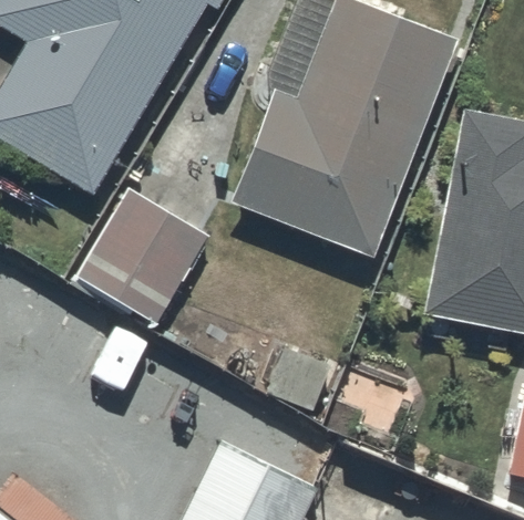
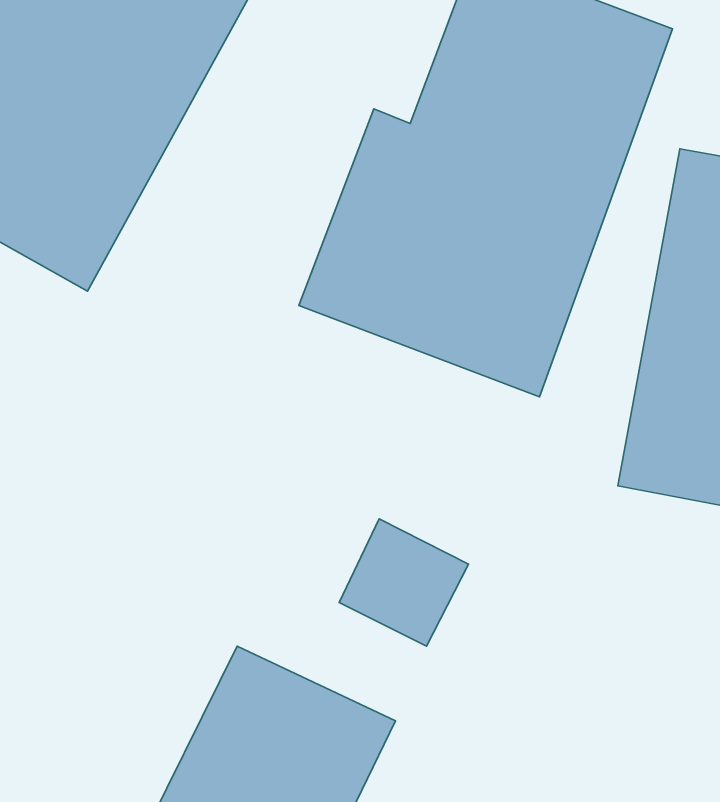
building: [75,188,210,324] -> none

